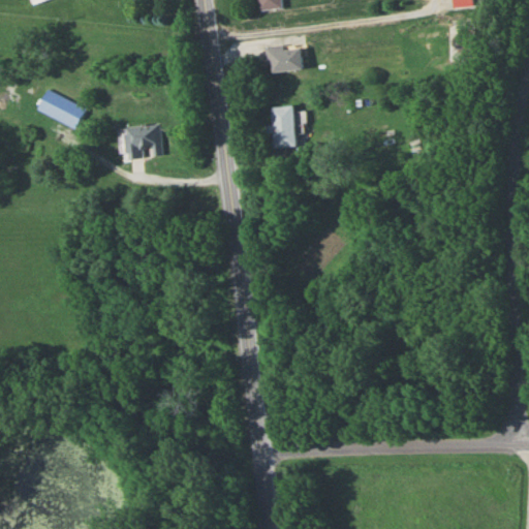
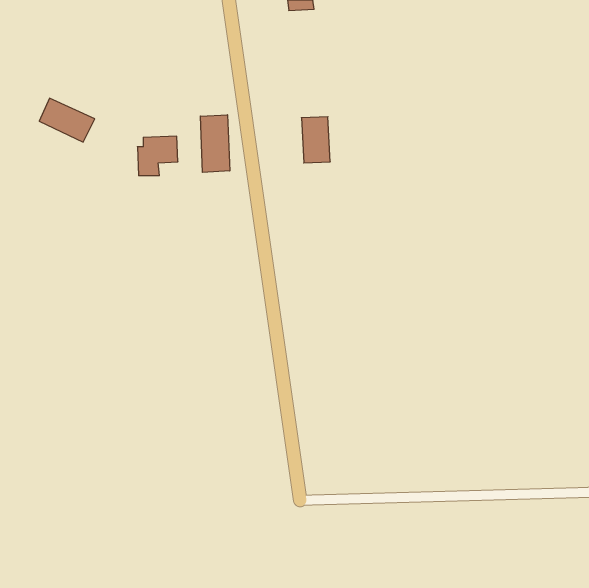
building: [266,46,303,73] -> none
building: none -> [200,115,230,172]

